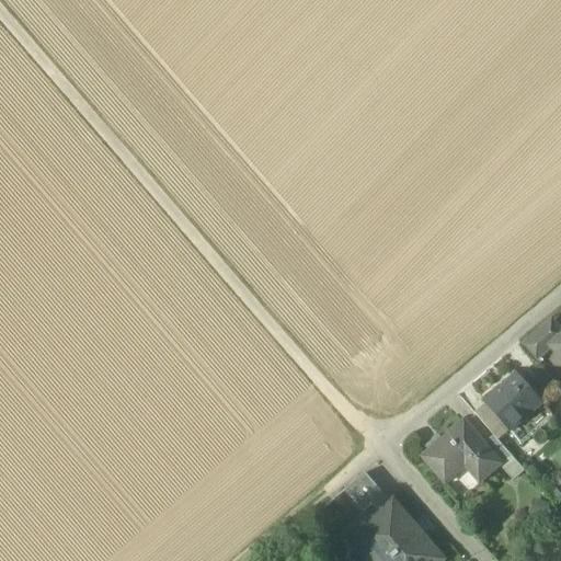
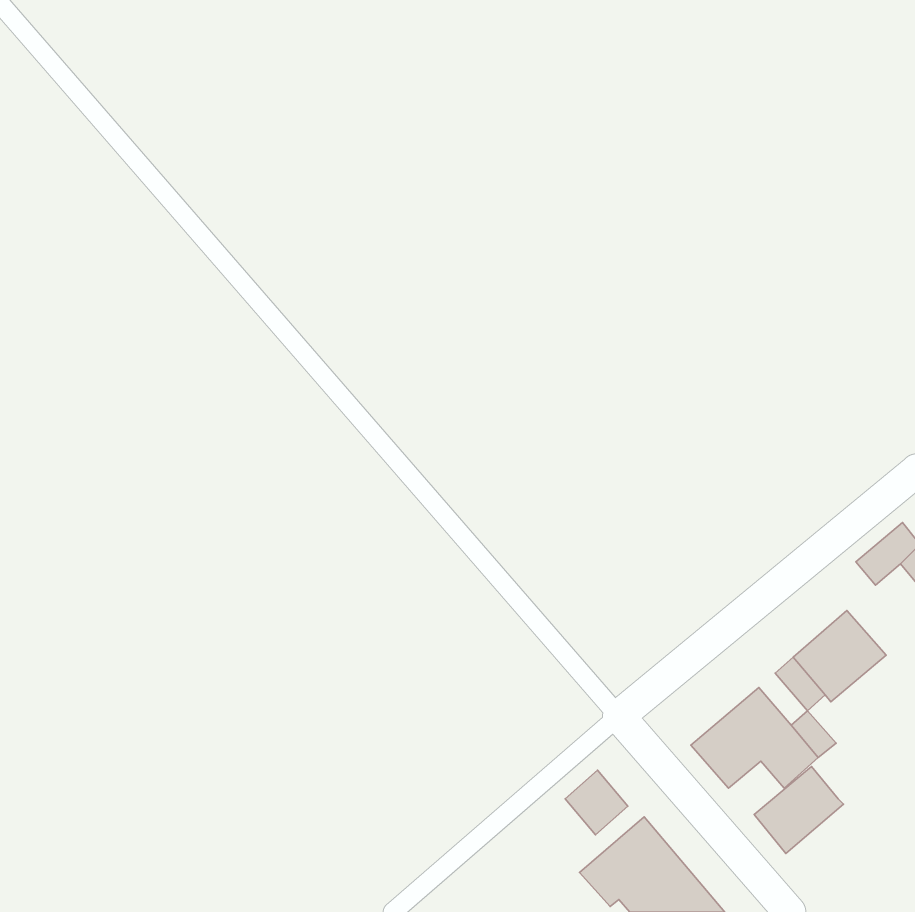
building: none -> [754,767,844,854]

